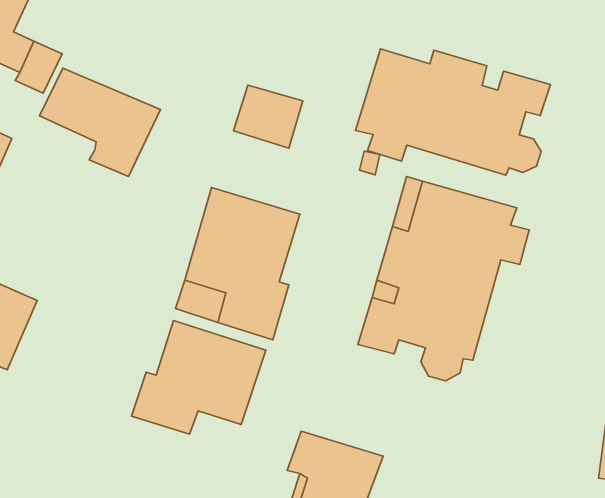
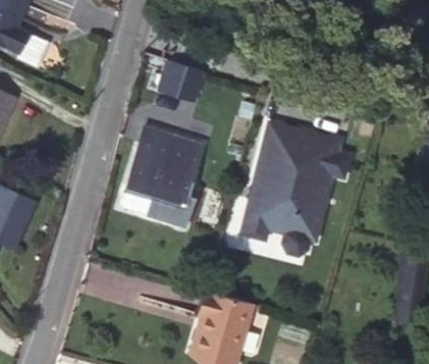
building: [355,49,550,175] -> none
building: [40,68,161,177] -> none
building: [131,320,266,434] -> none

